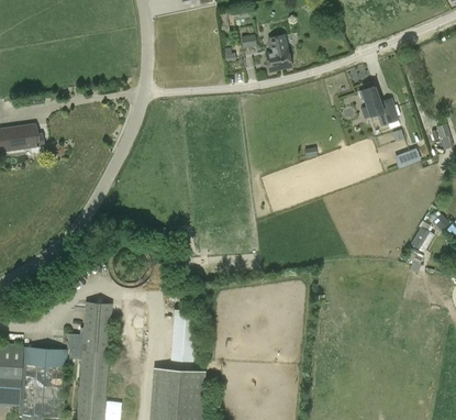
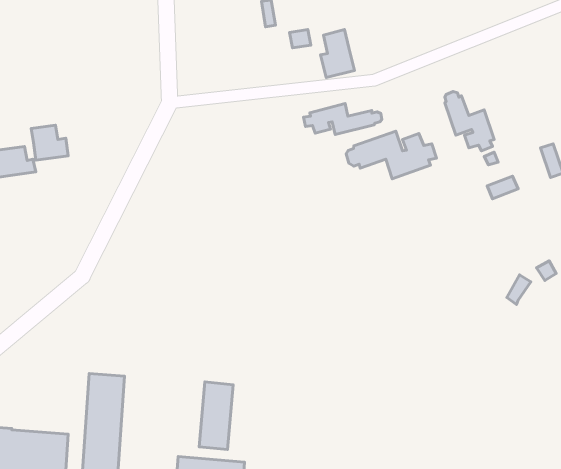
building: none -> [303,104,382,135]
building: none -> [31,125,68,160]
building: none -> [346,131,437,179]

